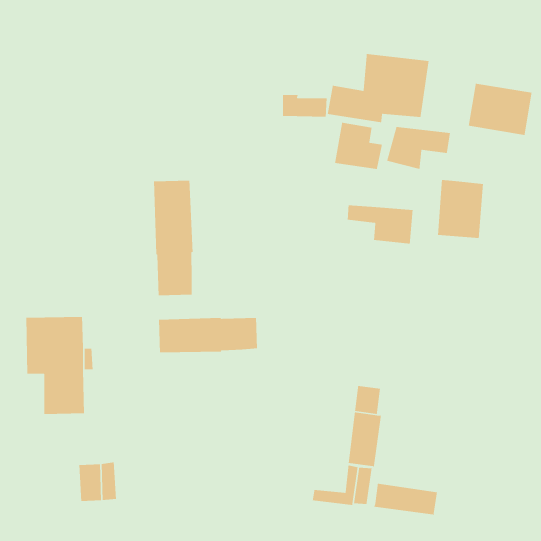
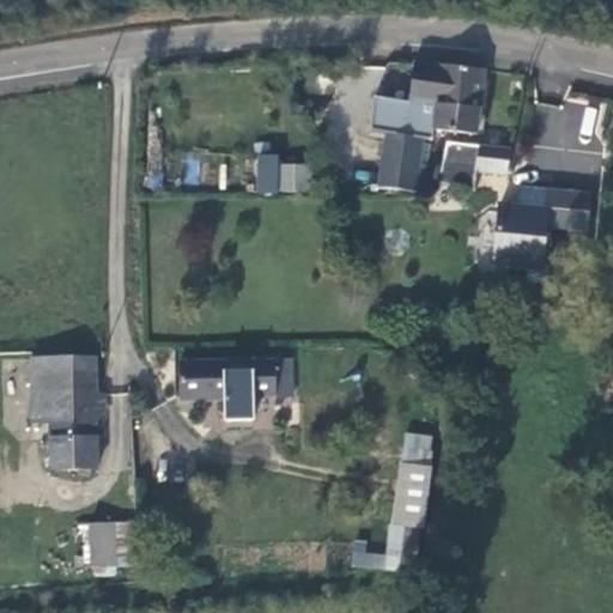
building: [282,94,328,118] -> [259,164,310,190]
building: [153,180,193,296] -> none
building: [347,204,414,245] -> [515,186,590,231]
building: [373,483,438,515] -> none

